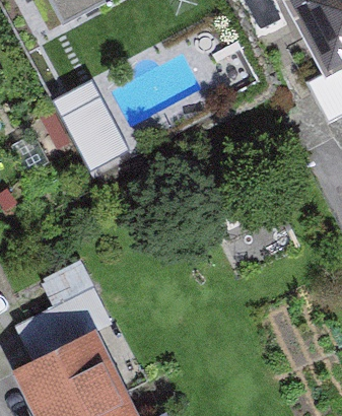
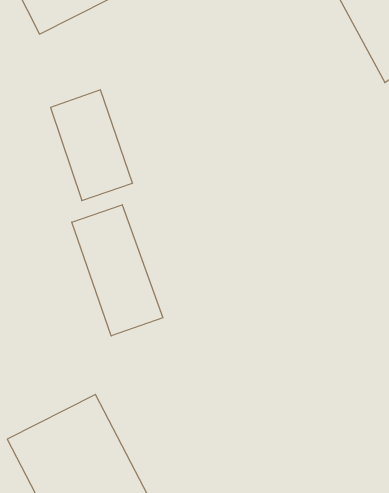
building: none -> [72,205,163,336]

